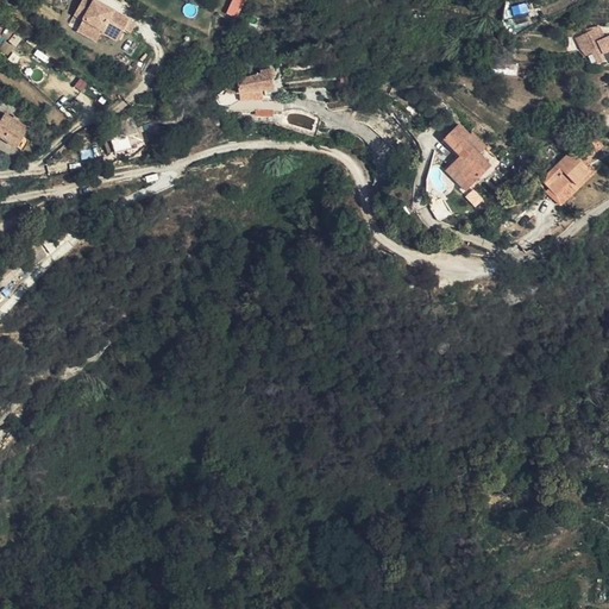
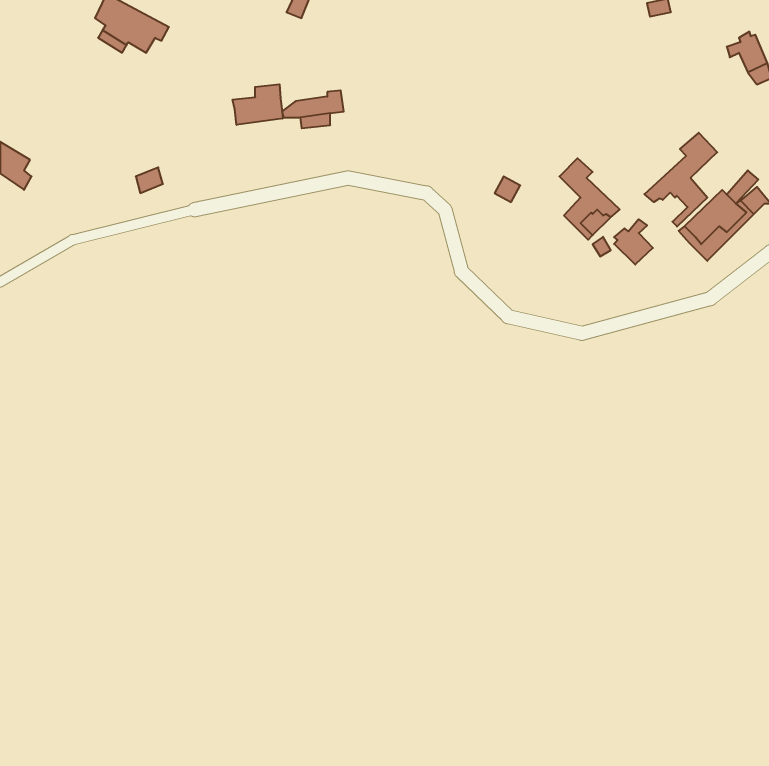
building: none -> [233,84,283,125]
building: none -> [644,133,717,227]
building: none -> [614,219,653,265]

